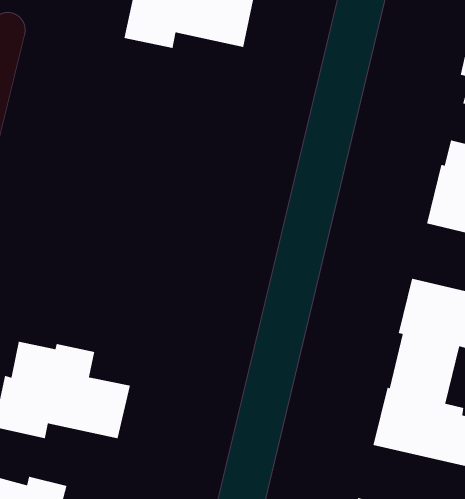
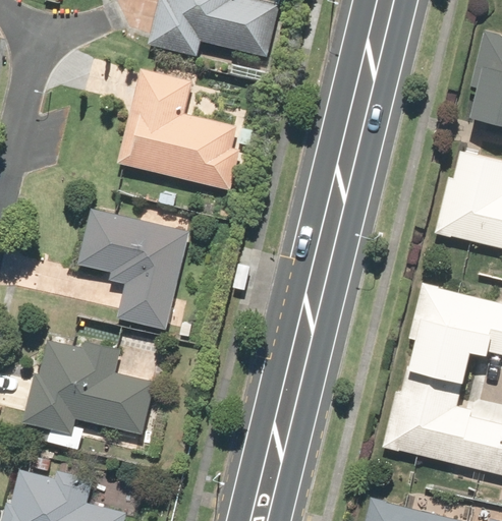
building: none -> [117,70,239,192]
building: none -> [77,211,189,332]

